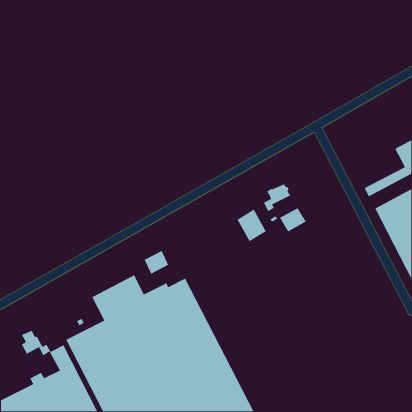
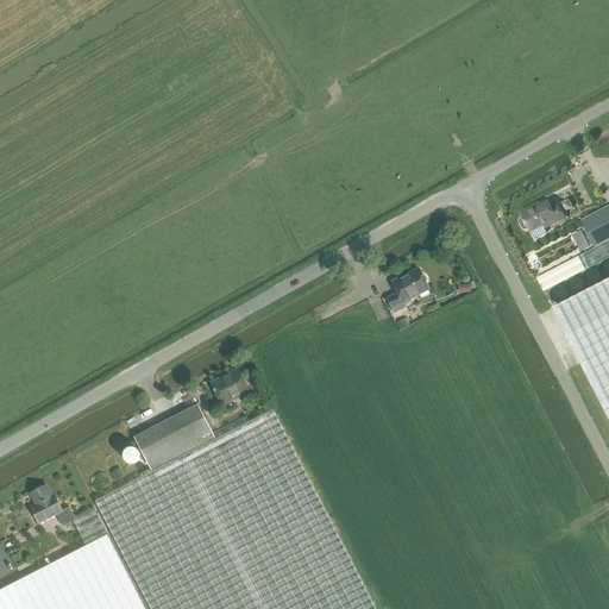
building: none -> [520,200,564,238]
building: [279,207,307,233] -> none
building: [236,209,267,242] -> none

